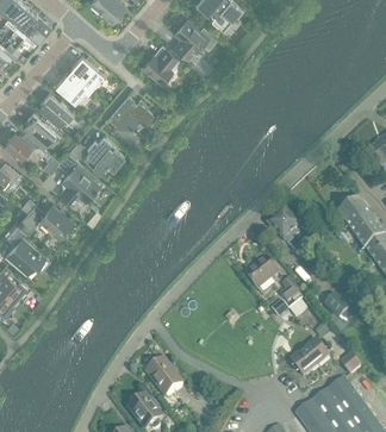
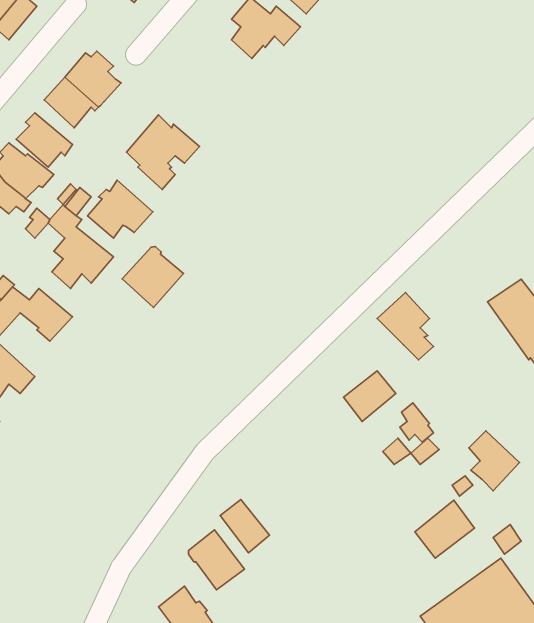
building: [142,44,179,82] -> none
building: none -> [122,247,183,307]
building: none -> [220,500,270,553]

